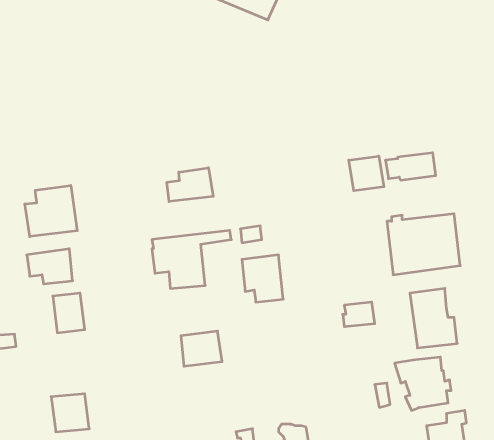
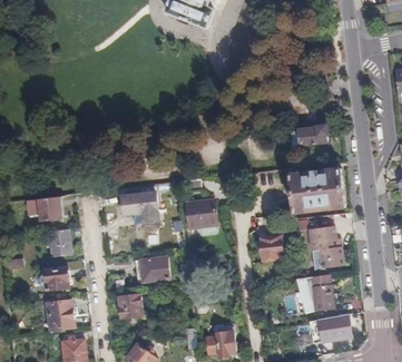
building: [349,156,384,191] -> none
building: [167,168,213,202] -> none
building: [25,185,77,237] -> none
building: none -> [38,267,69,290]
building: none -> [119,294,144,319]

